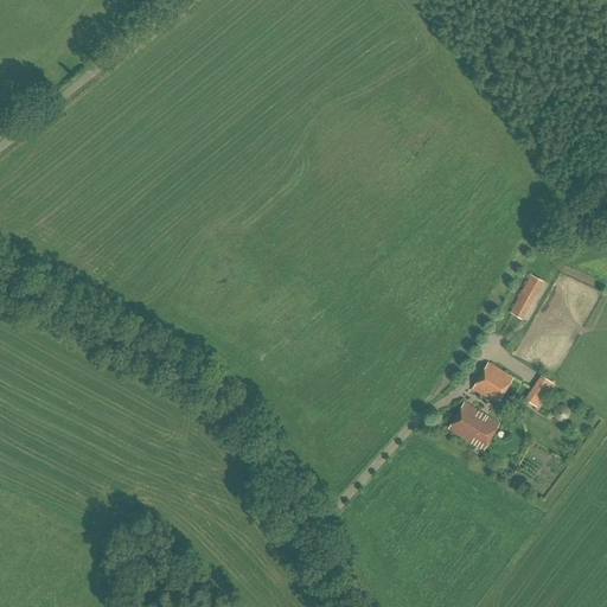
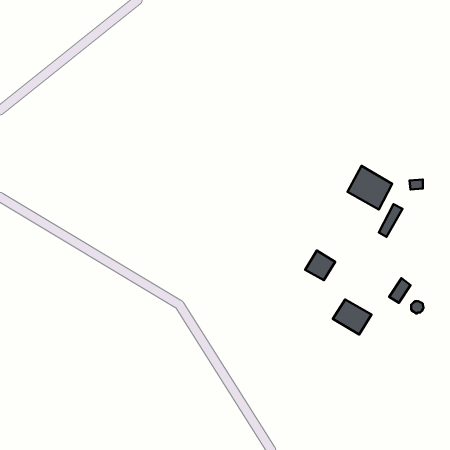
building: none -> [347,166,392,209]
building: [473,363,513,403] -> [305,250,335,280]

